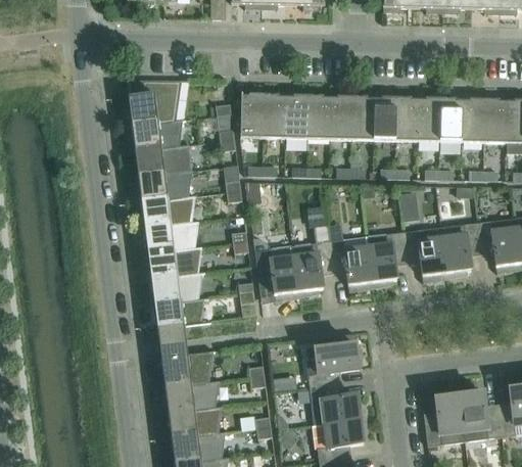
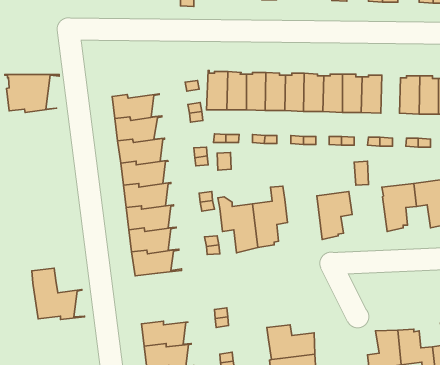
building: [127,81,189,125] -> [5,74,59,113]
building: [440,98,463,142] -> none
building: [404,227,447,283] -> none
building: [330,237,373,292] -> none
building: [158,326,219,385] -> [32,268,84,320]
building: [306,334,362,388] -> none

